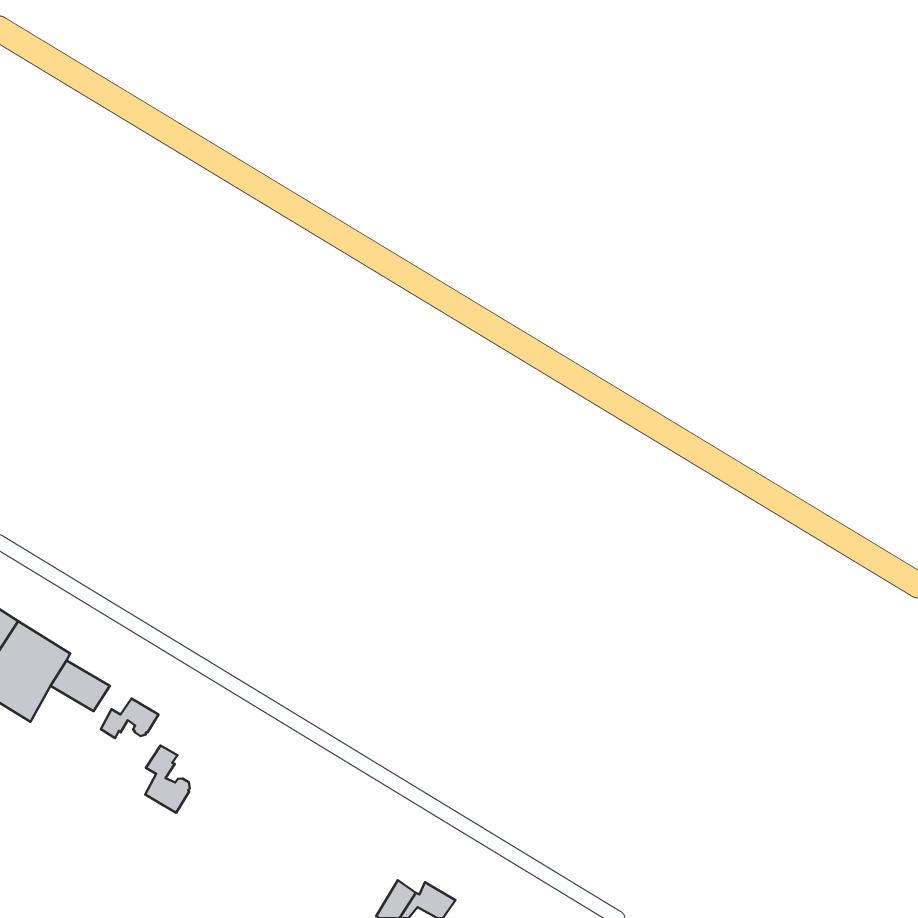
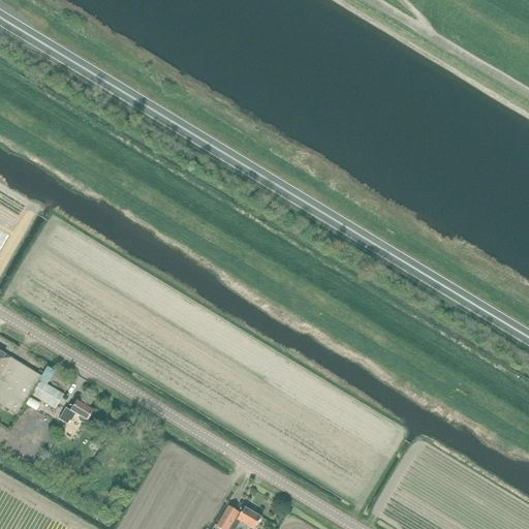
building: [145,745,190,813] -> none

